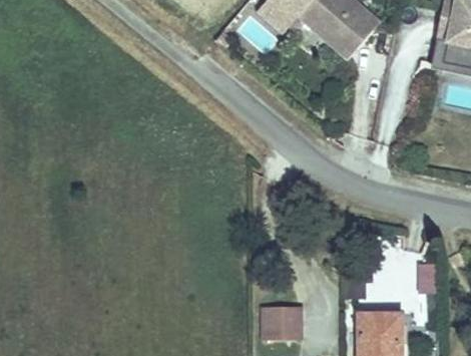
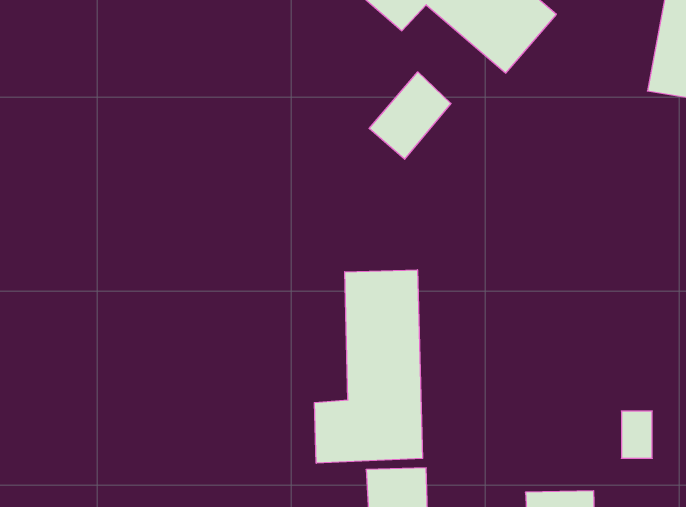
building: none -> [369,72,451,159]
building: none -> [314,270,423,463]

